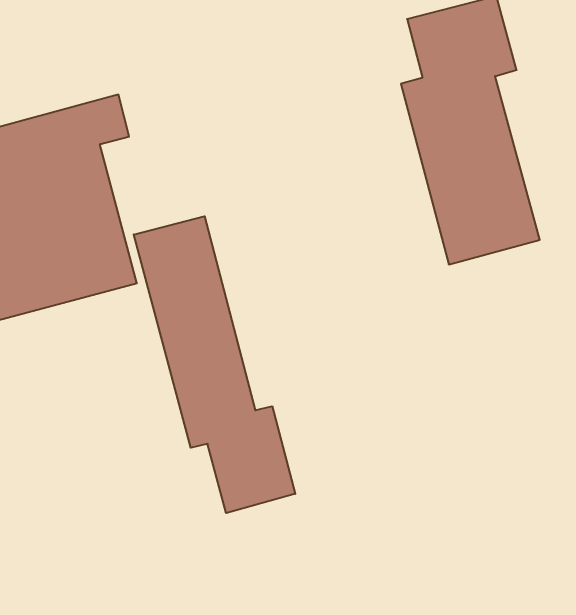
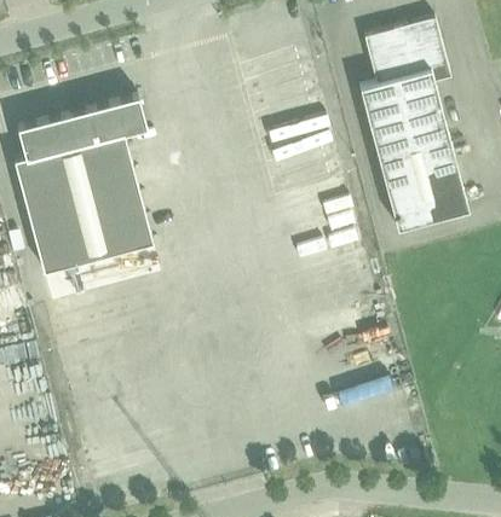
building: [134,216,295,513] -> none

